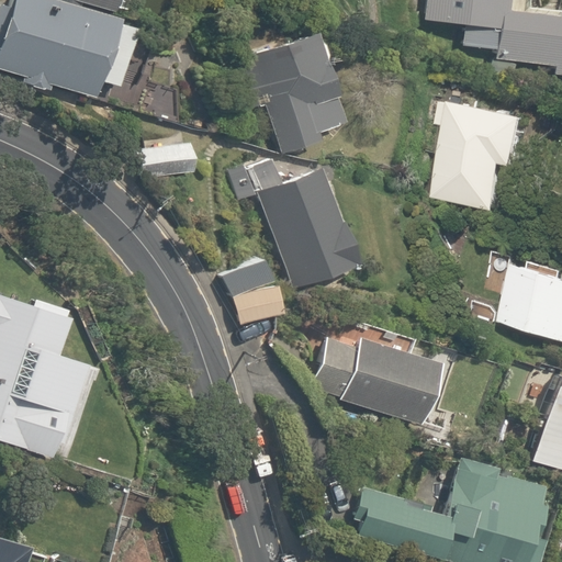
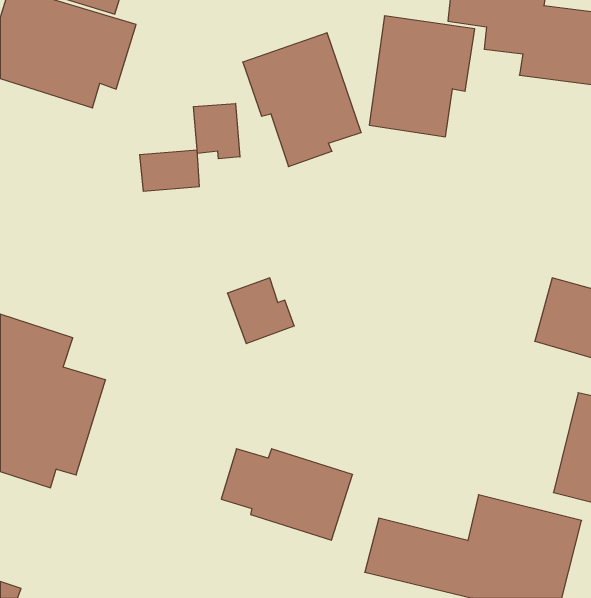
building: [439,95,538,209] -> [369,16,475,137]
building: none -> [194,103,240,159]
building: [254,164,361,285] -> none
building: [313,338,436,424] -> [221,449,353,540]

